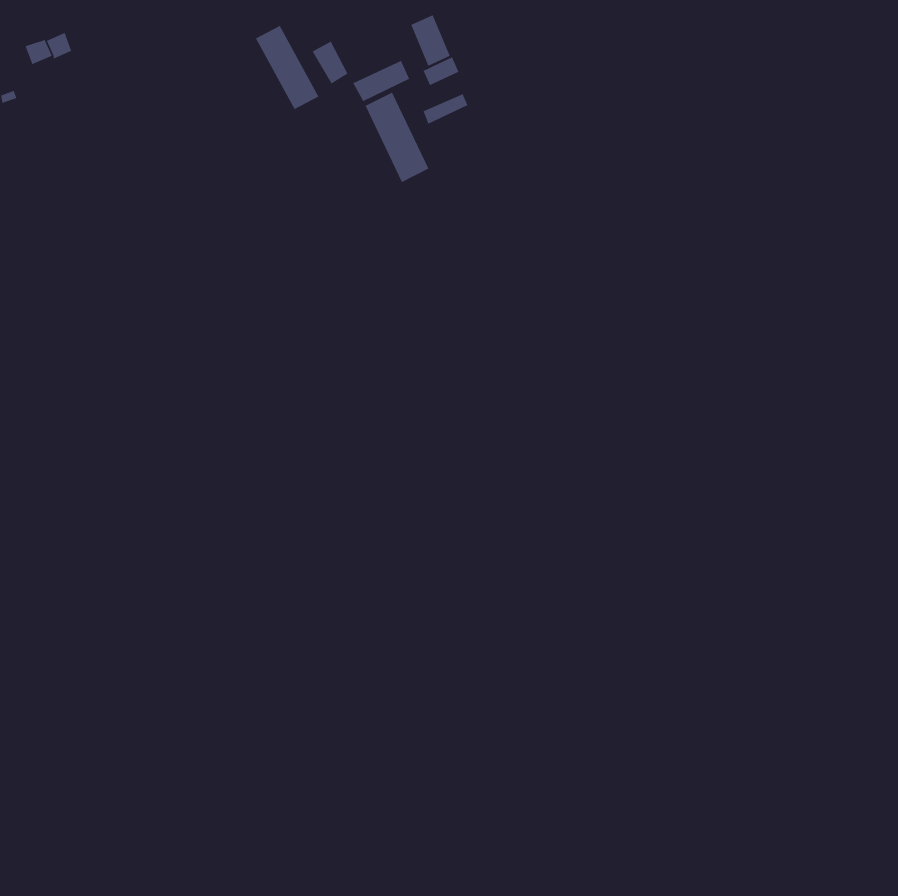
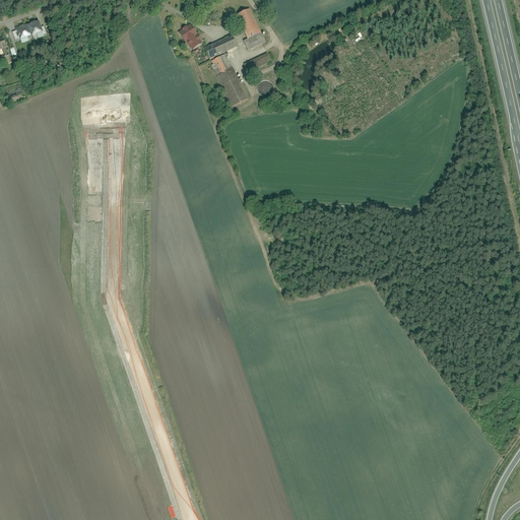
building: [255,25,319,110] -> none

